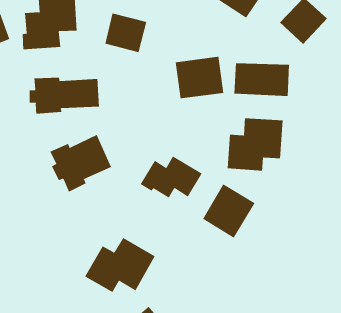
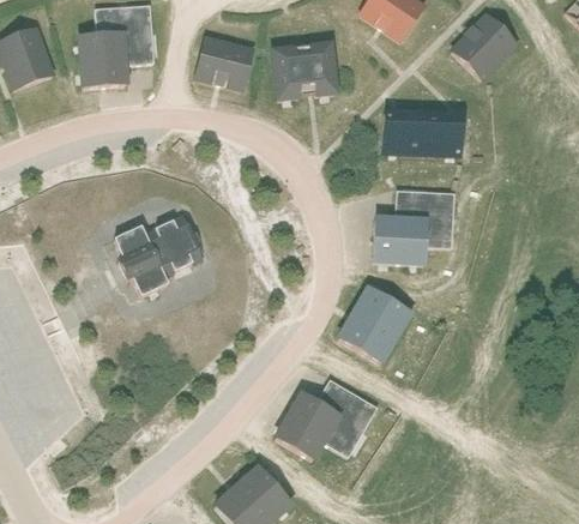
building: [175,56,224,99] -> [267,38,339,101]
building: [29,77,100,114] -> none
building: [140,155,202,199] -> none
building: [84,237,156,293] -> [273,378,378,459]

